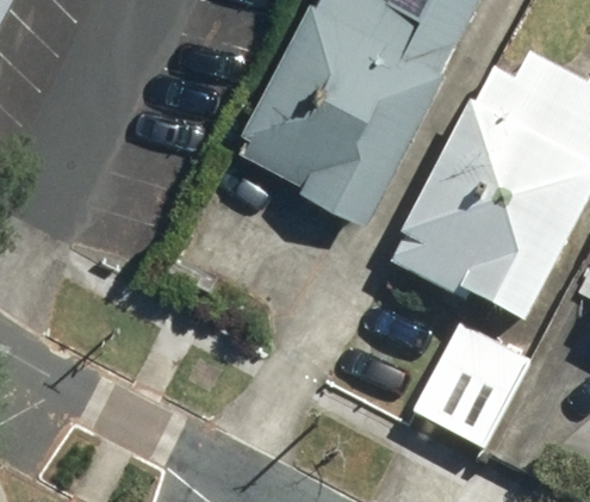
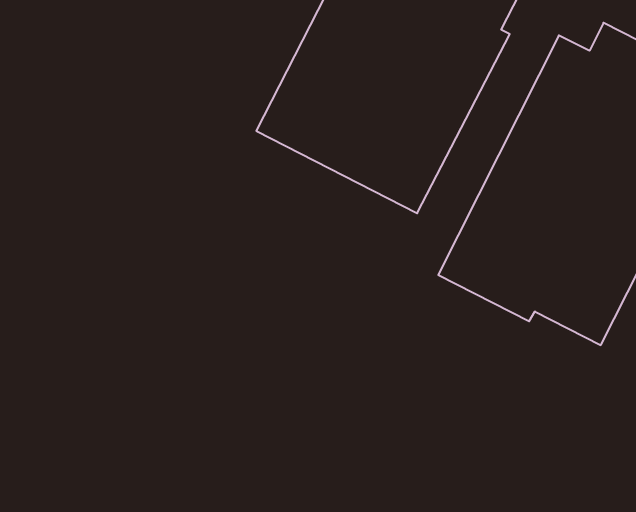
building: [412,322,534,451] -> none

